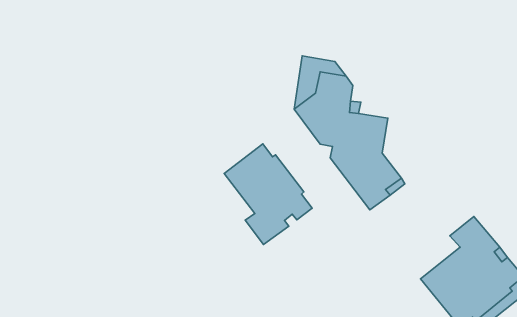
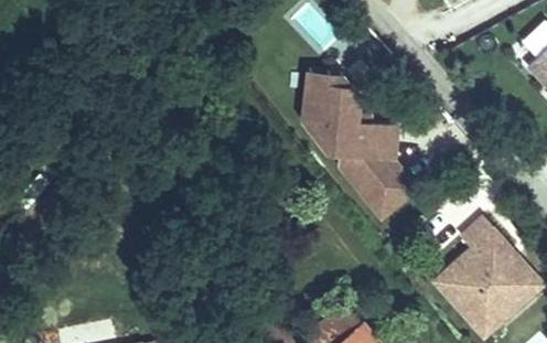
building: [224,144,312,244] -> none

